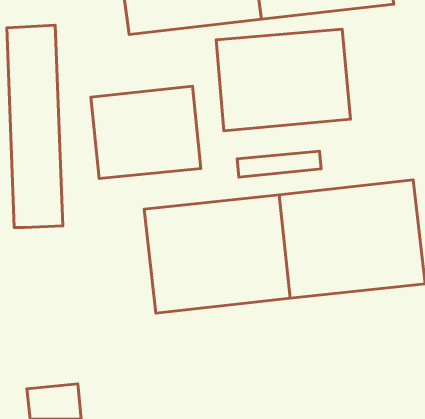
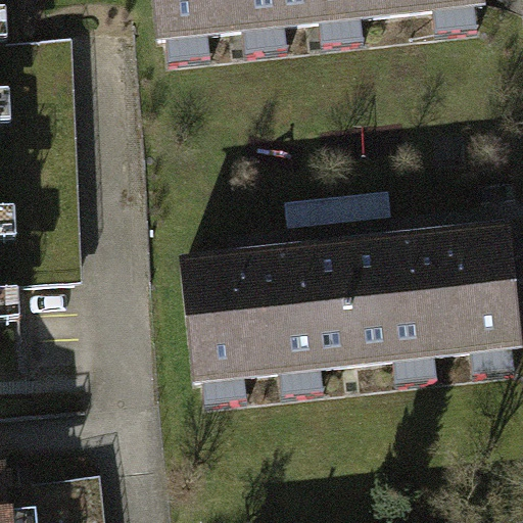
building: [216,29,350,131] -> none
building: [91,86,201,178] -> none

